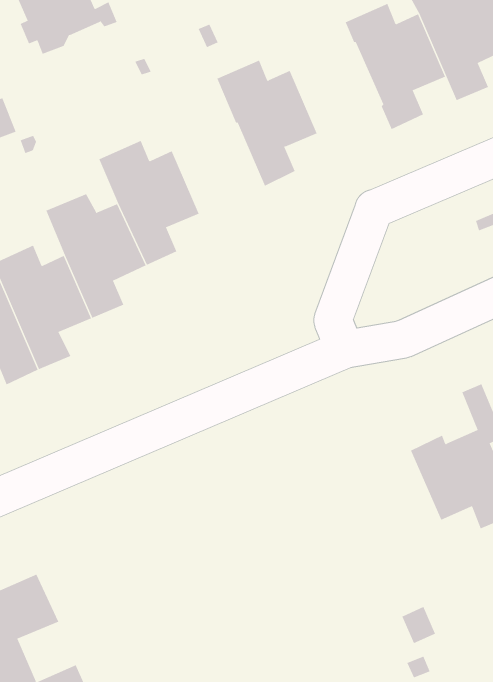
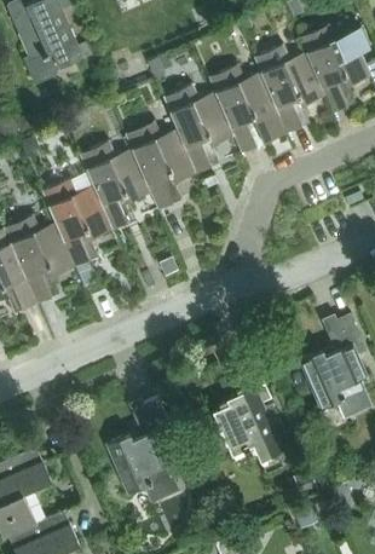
building: none -> [208,65,287,154]
building: none -> [126,122,197,210]
building: none -> [210,357,287,474]
building: none -> [108,398,180,501]

